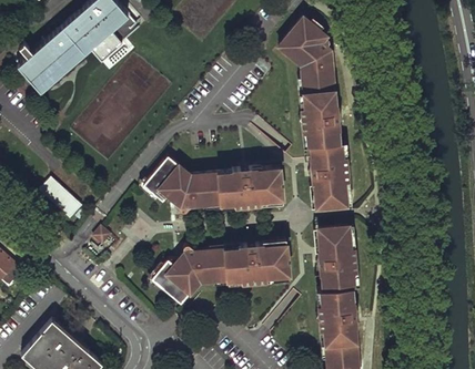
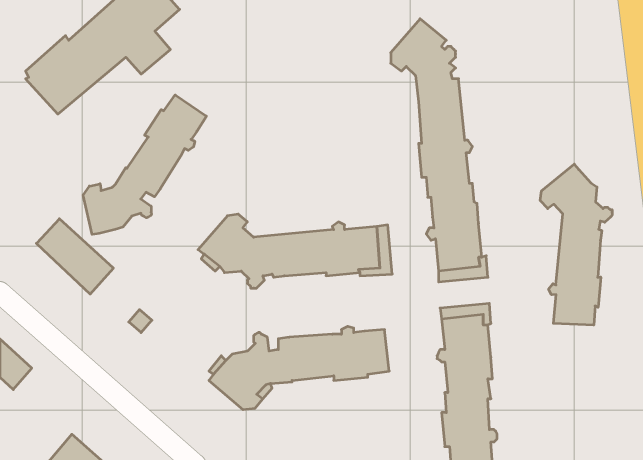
building: none -> [83,95,206,234]
building: none -> [540,164,612,325]
building: [262,239,289,281] -> none

